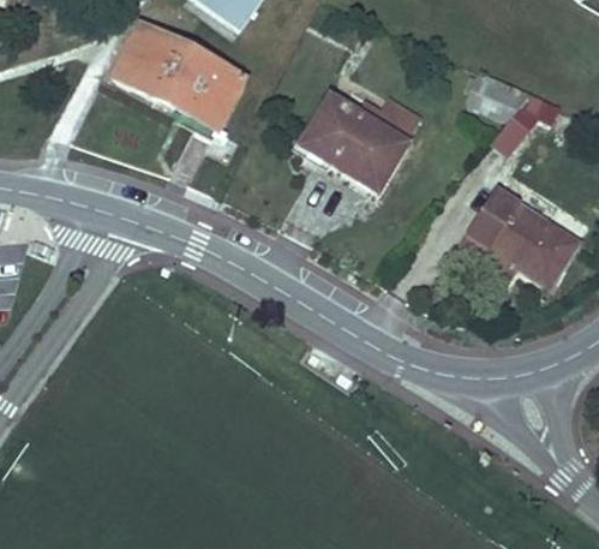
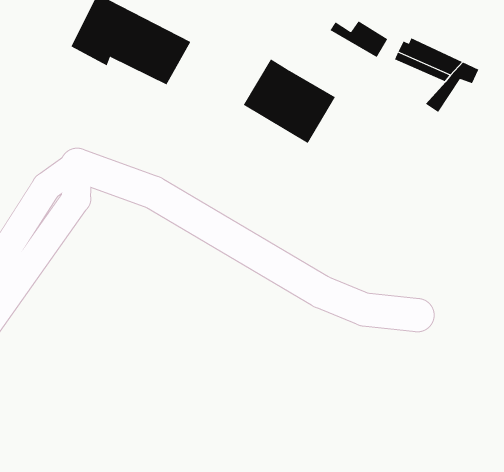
building: [349,95,413,136] -> [330,20,388,58]
building: [468,193,576,287] -> none

